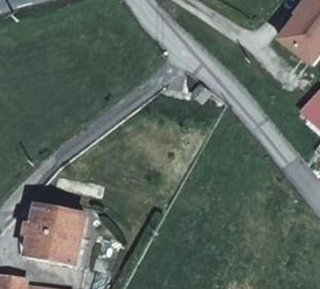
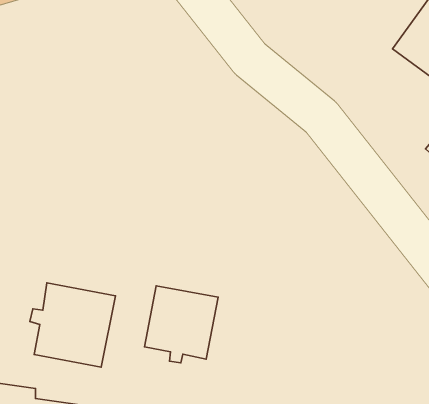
building: none -> [145,286,218,363]

